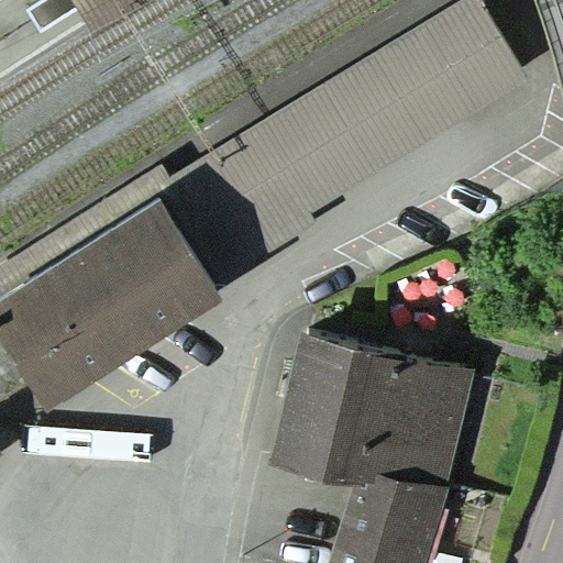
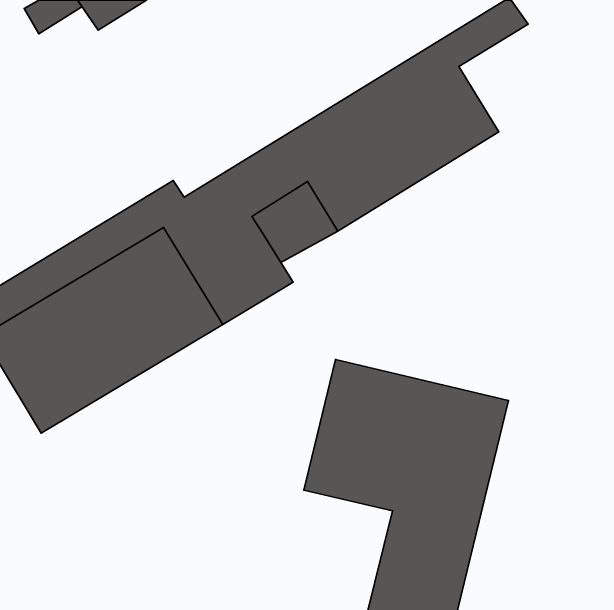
building: [417,30,516,128] -> none

